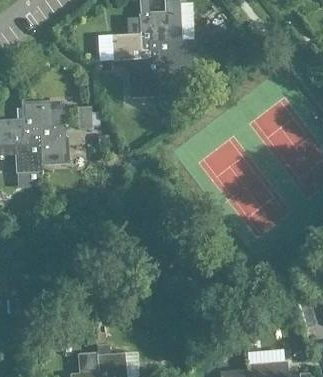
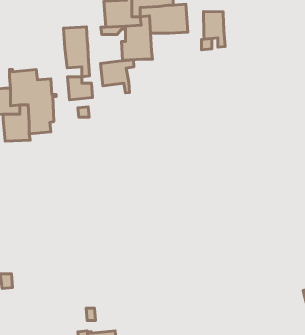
building: none -> [203,12,225,47]
building: none -> [63,27,90,77]
building: none -> [101,60,134,93]

